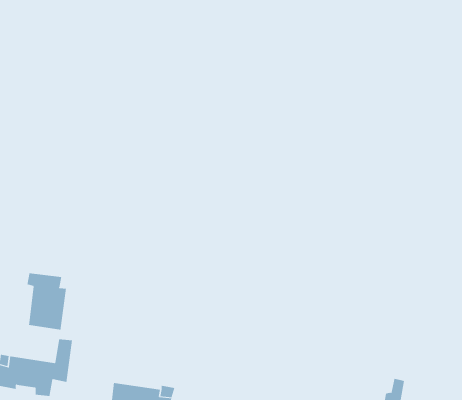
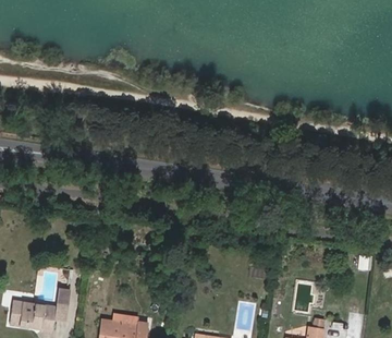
building: [27,273,66,331] -> none

